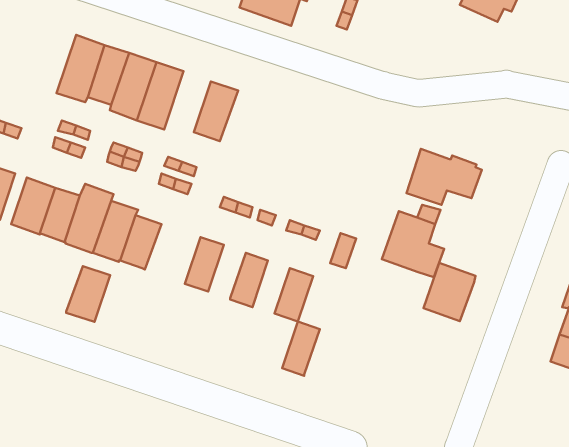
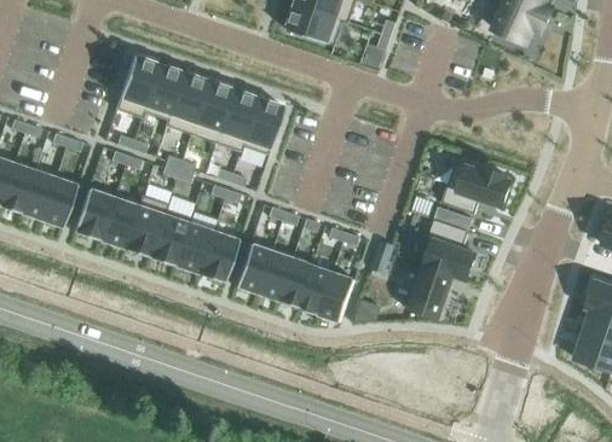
building: none -> [215,87,259,150]
building: none -> [256,249,291,298]
building: [424,263,475,321] -> [404,262,452,316]
building: [66,266,110,322] -> [197,229,238,281]
building: [282,321,320,376] -> [298,263,333,314]

